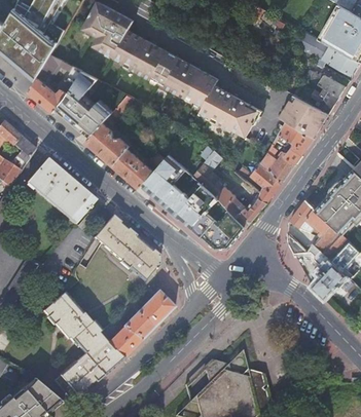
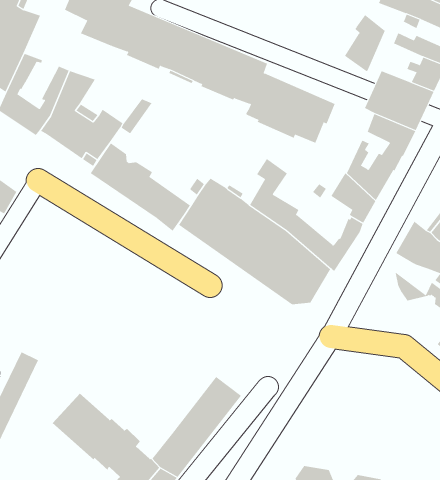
building: none -> [344,14,386,72]
building: [27,158,96,224] -> none
building: [94,216,159,280] -> none

